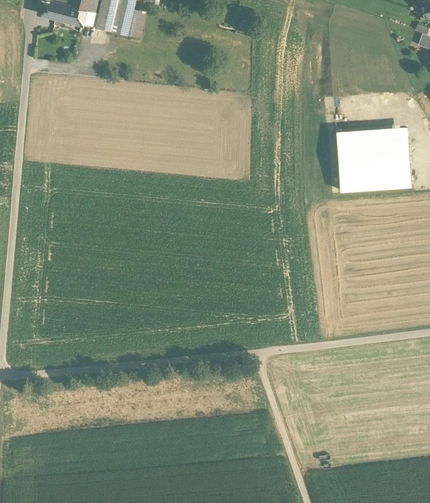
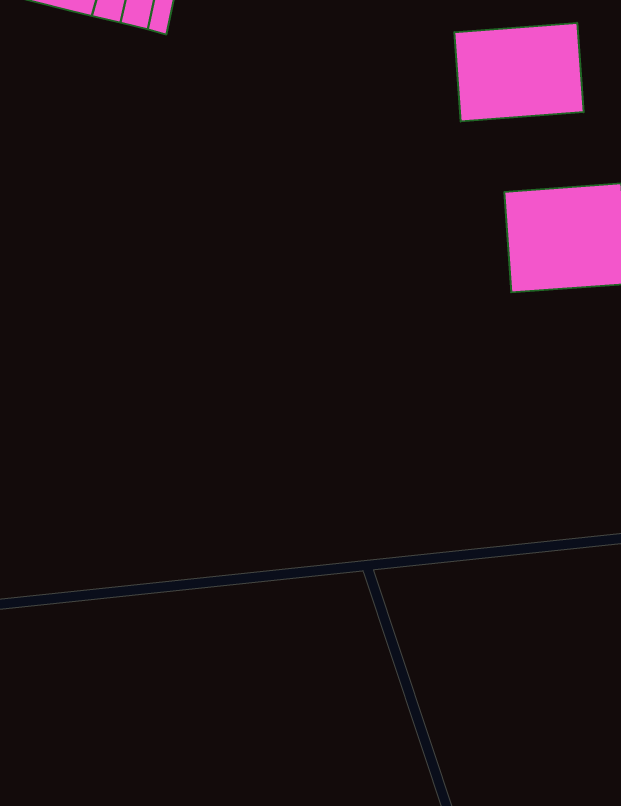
building: none -> [454,23,584,122]

